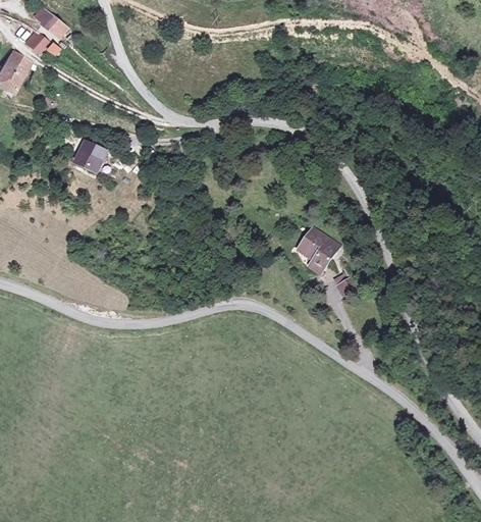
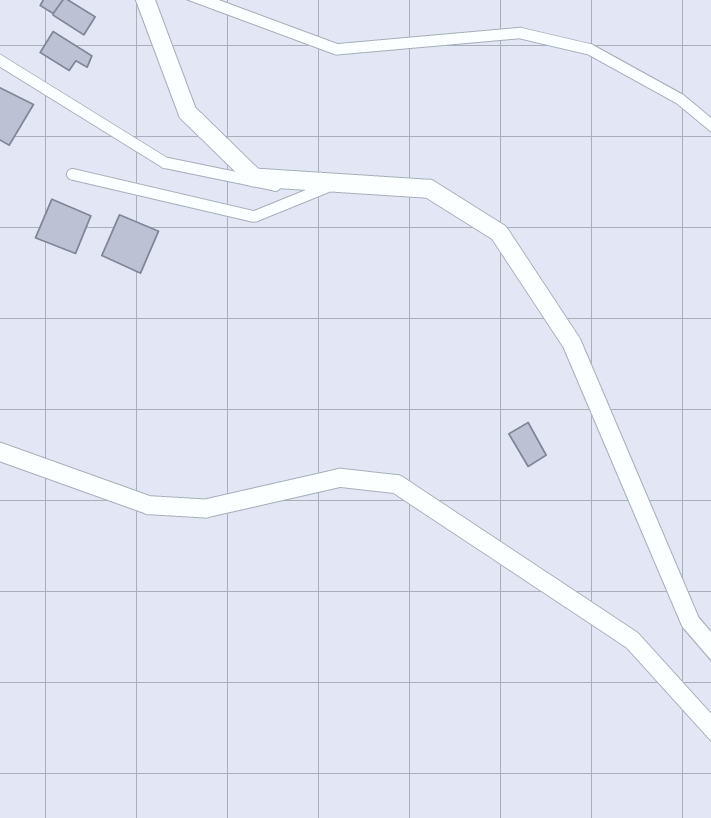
building: none -> [36,199,91,254]
building: [296,228,337,277] -> none

